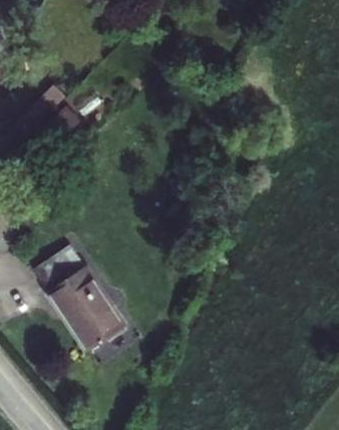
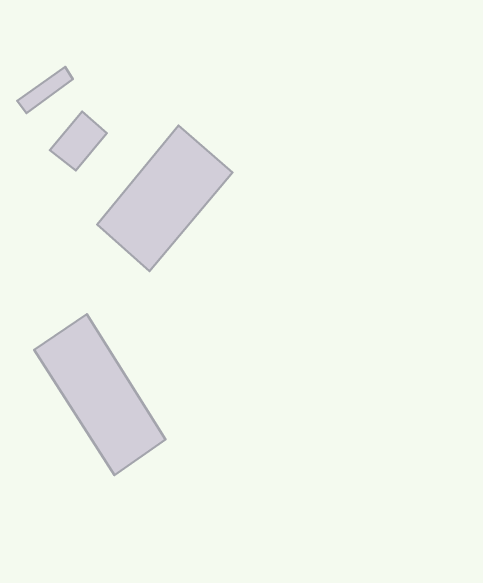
building: none -> [97,126,232,271]

